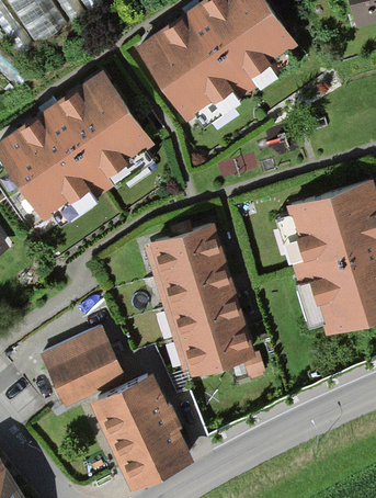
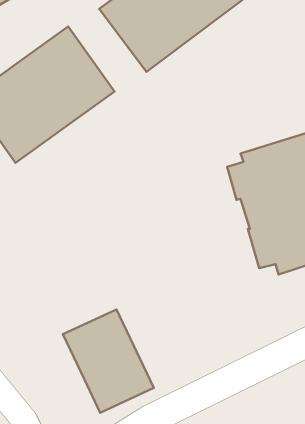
building: [146,218,274,384] -> none
building: [39,325,121,401] -> none

